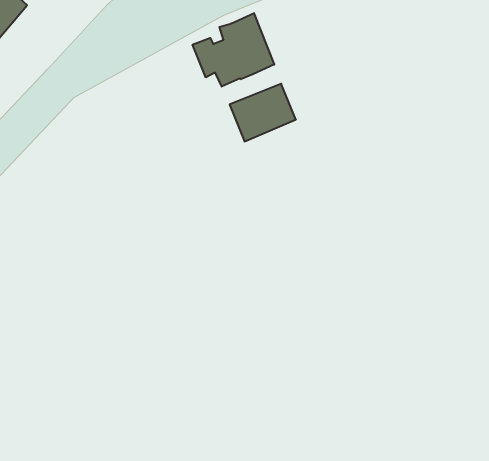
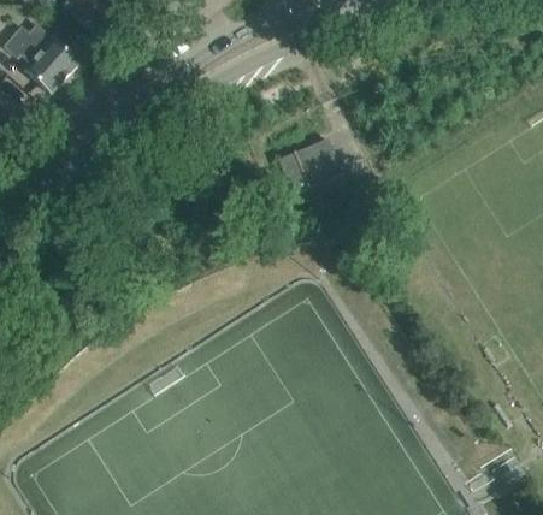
building: [193,13,274,87] -> none

